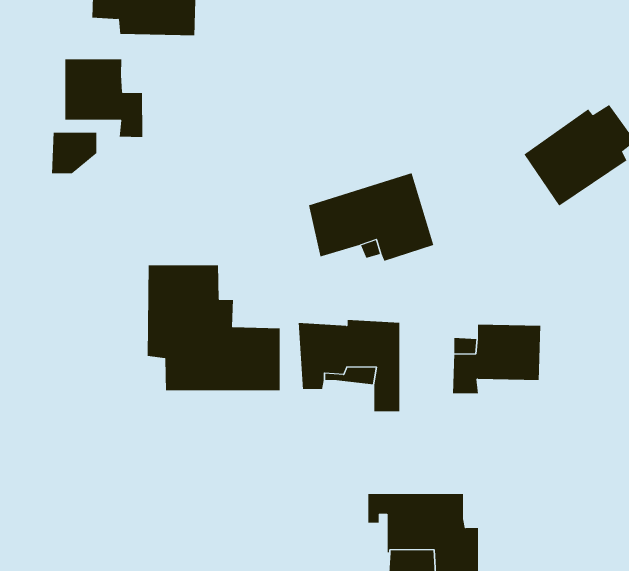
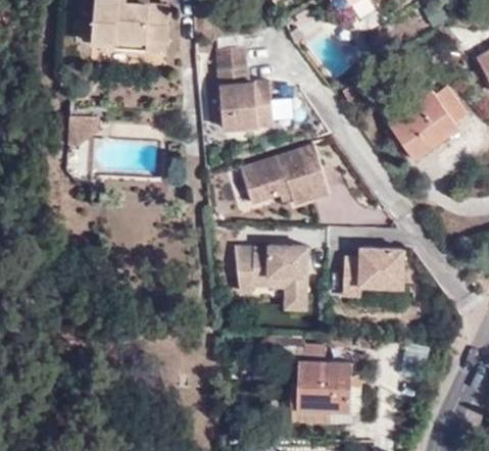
building: none -> [214,48,272,128]
building: [65,59,143,138] -> none
building: [147,265,280,391] -> none

